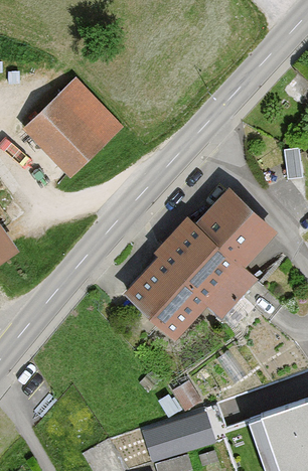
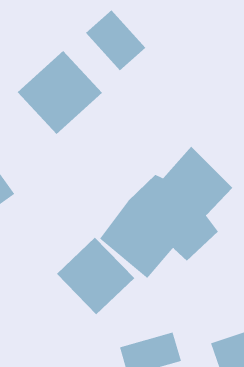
building: none -> [85,9,146,71]
building: none -> [56,237,135,315]

